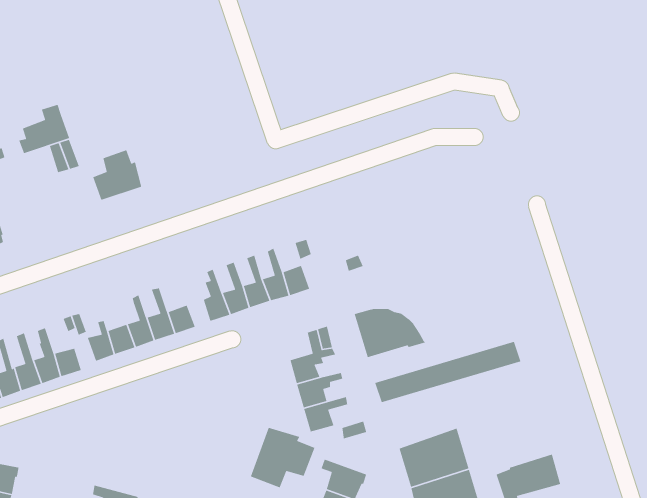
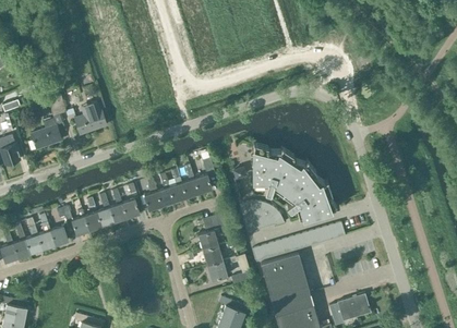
building: [18,104,70,154] -> [28,119,61,150]
building: none -> [253,143,339,219]
building: none -> [261,253,304,290]
building: [250,427,316,489] -> none

